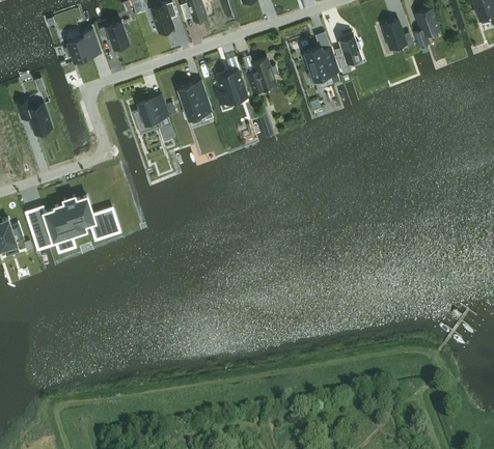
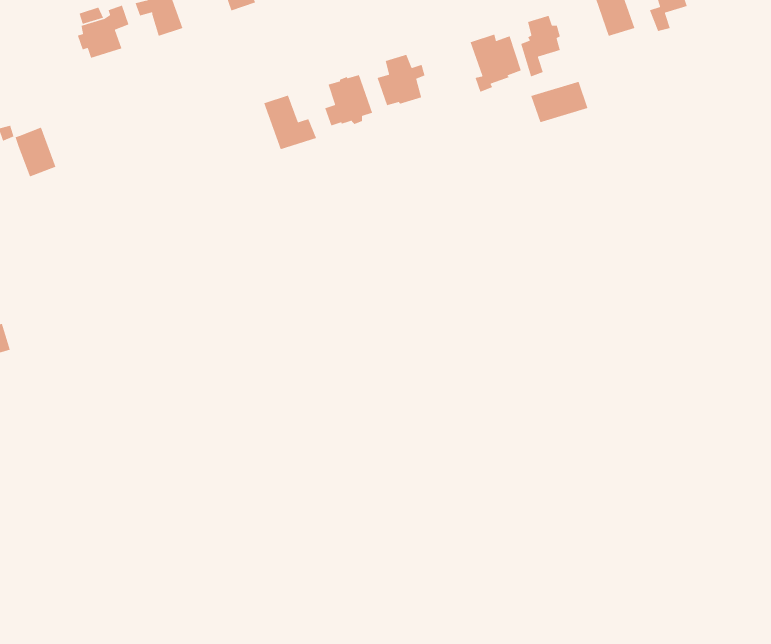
building: none -> [530,81,589,123]
building: [132,94,168,135] -> none
building: [30,195,120,248] -> none

